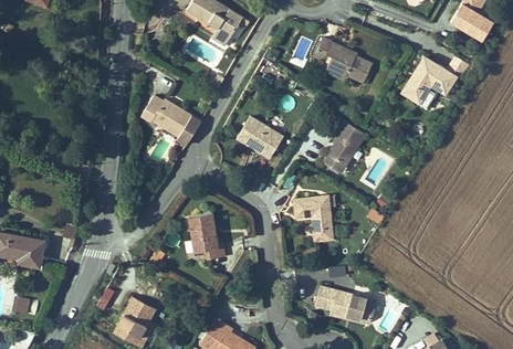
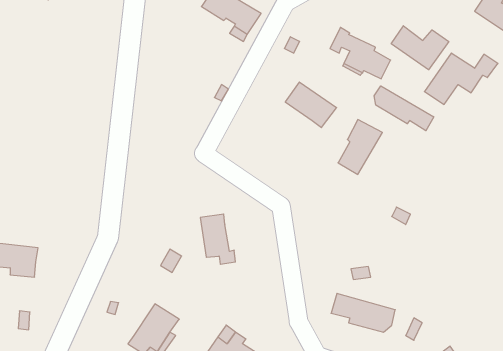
building: none -> [391,26,449,70]
building: none -> [374,86,434,131]
building: [142,95,201,145] -> none
building: [229,118,278,161] -> [285,82,337,128]
building: [291,194,332,240] -> none

